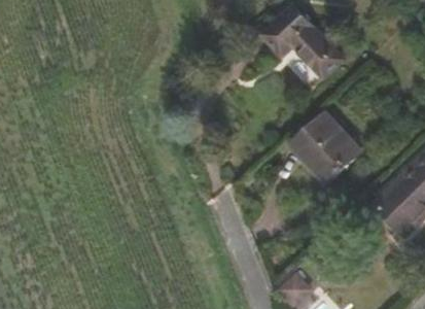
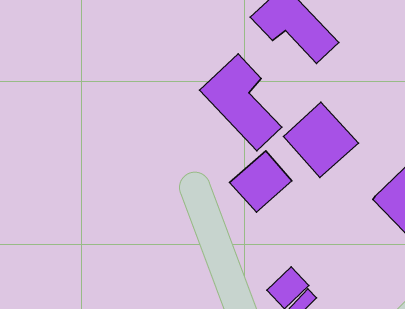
building: none -> [200,54,282,151]
building: none -> [229,151,292,212]

